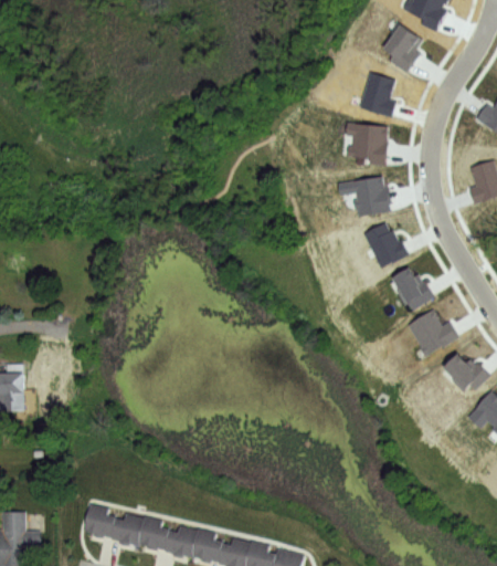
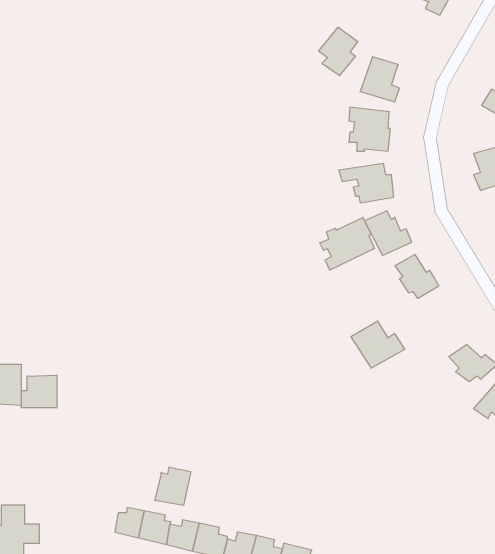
building: [384,24,423,72] -> [319,27,358,76]
building: none -> [320,217,374,270]
building: [406,310,459,356] -> [351,321,405,368]
building: none -> [22,375,57,408]
building: none -> [155,467,191,505]
building: [85,505,120,539] -> none

